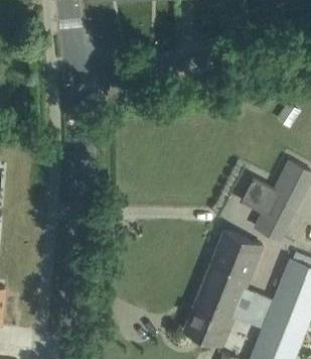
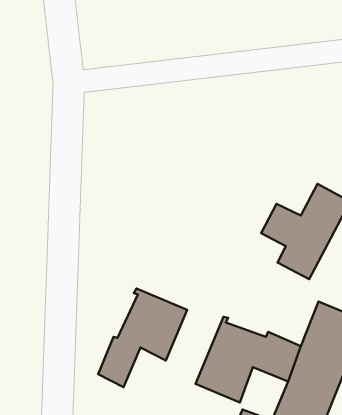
building: [207,231,262,290] -> none
building: none -> [98,289,187,387]

